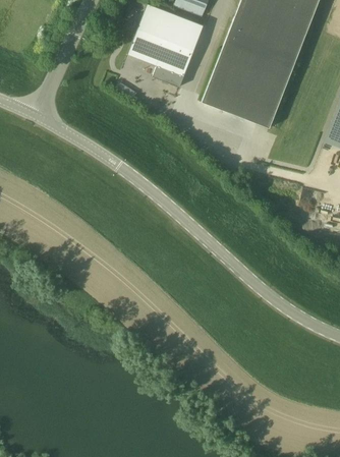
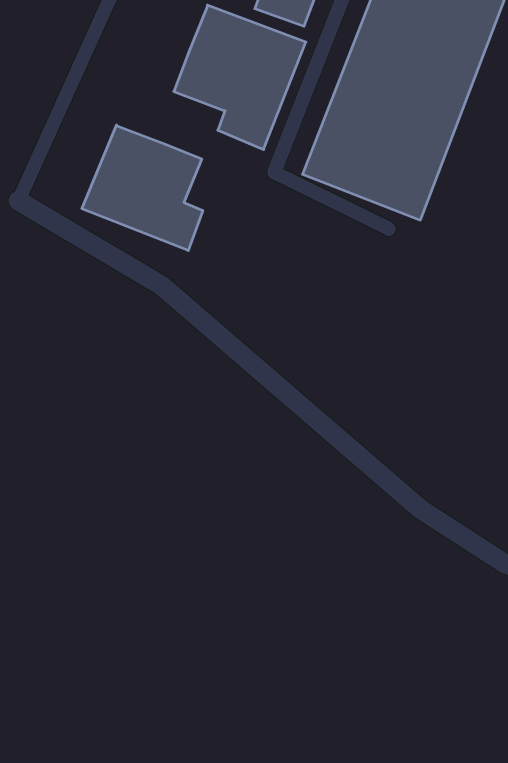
building: none -> [82,125,203,251]

